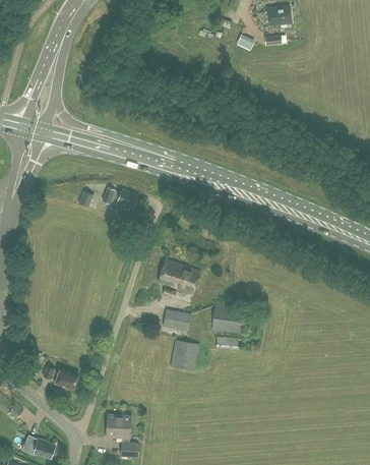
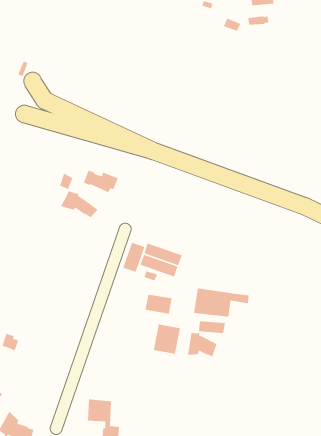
building: none -> [60,190,99,218]
building: none -> [122,242,146,273]
building: none -> [187,332,218,358]
building: [43,366,78,389] -> none

